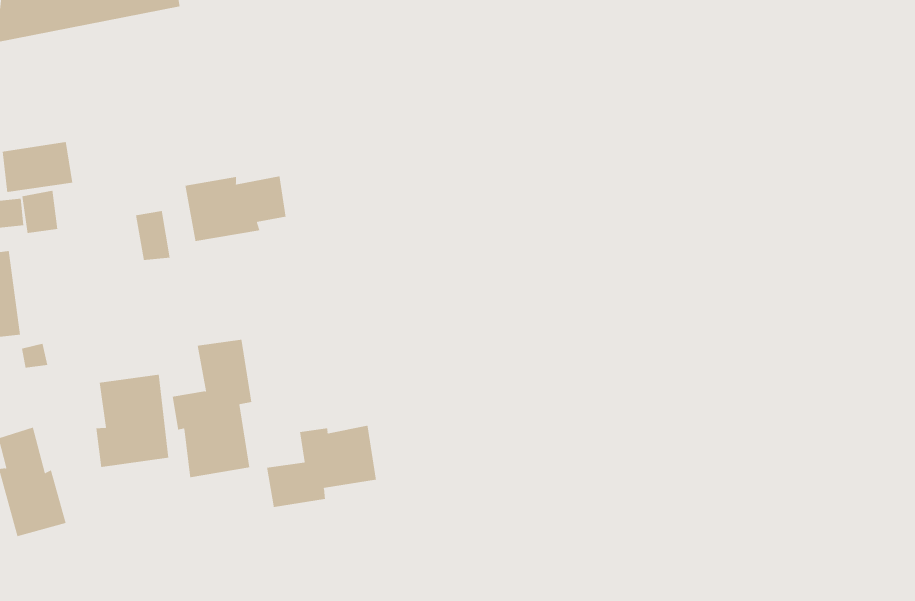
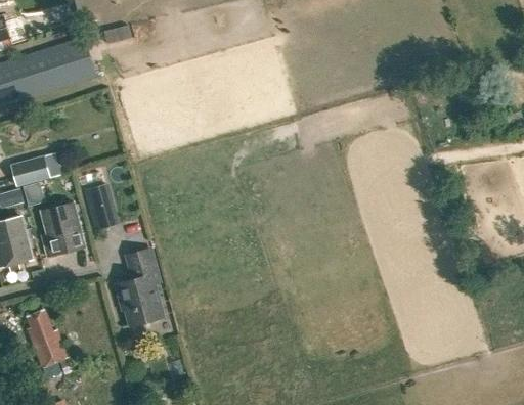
building: [185,176,286,242] -> none
building: [95,374,169,467] -> [41,204,83,257]
building: [266,425,376,508] -> none

